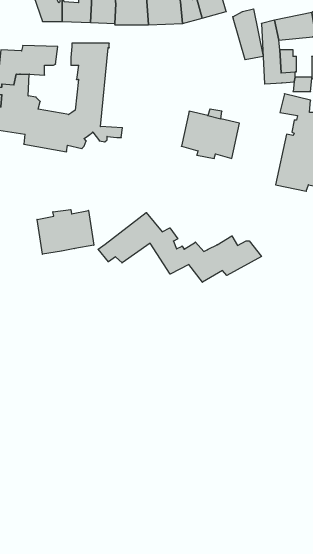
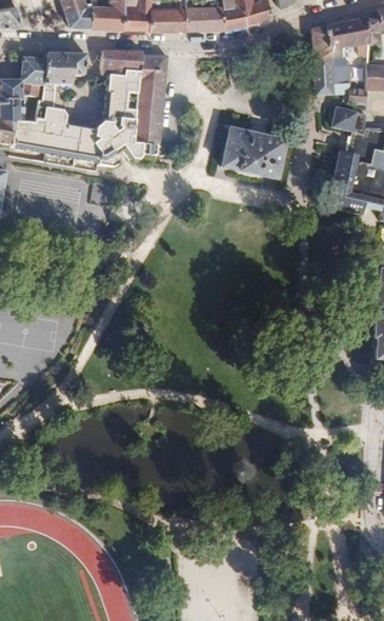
building: [233,9,263,60] -> none
building: none -> [133,55,167,143]
building: [37,210,94,254] -> none
building: [98,213,261,282] -> none

